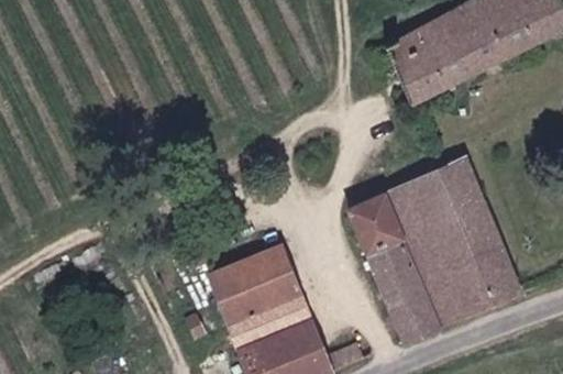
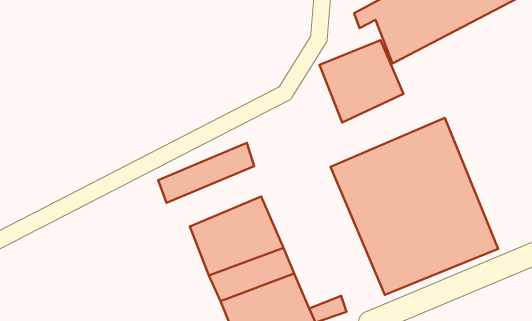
building: none -> [320,40,404,123]
building: none -> [158,143,254,203]

